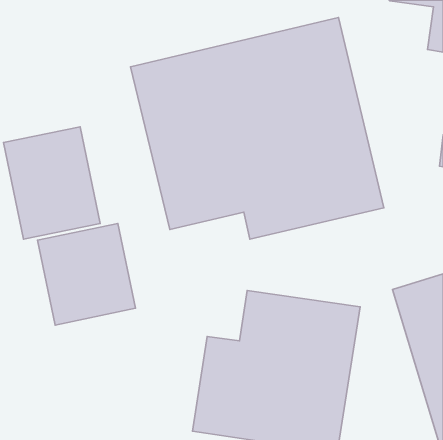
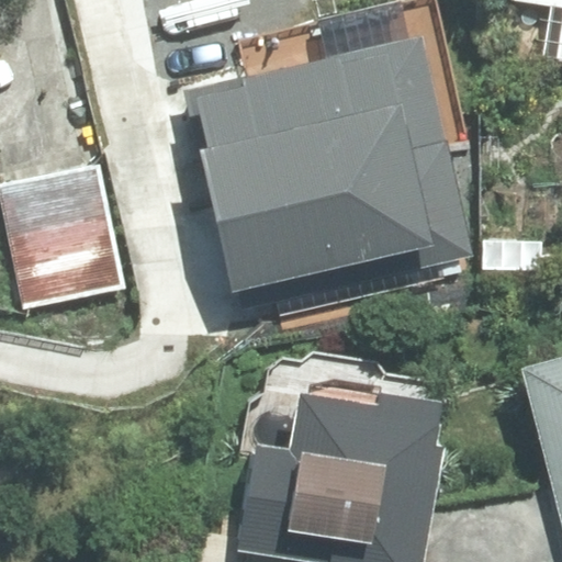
building: [37,223,135,325] -> none

